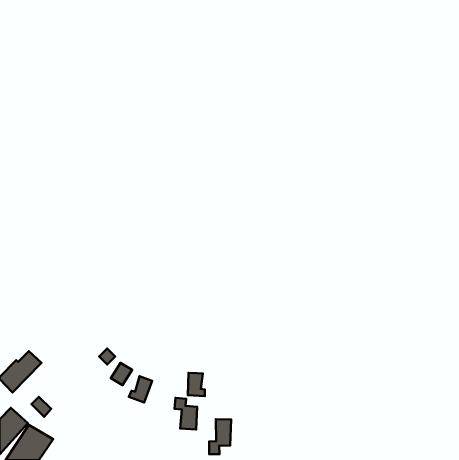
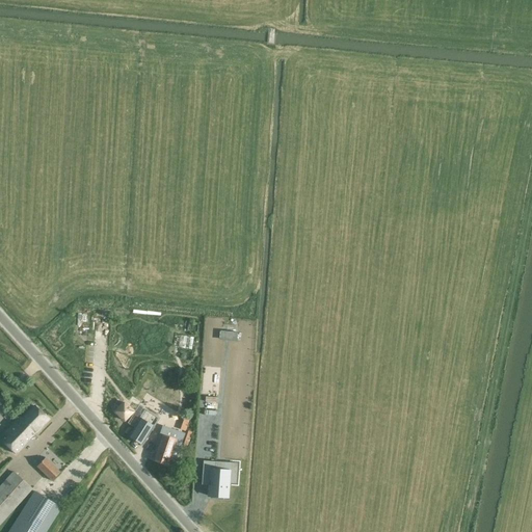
building: [188,373,205,396] -> none
building: [209,419,231,454] -> none

